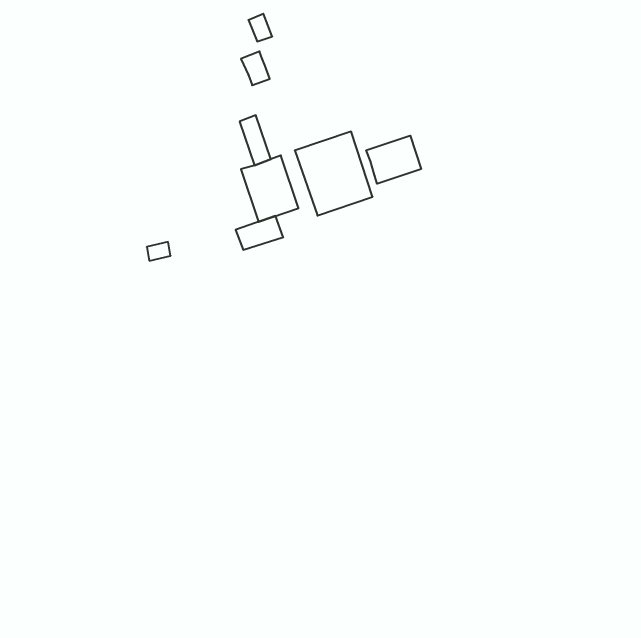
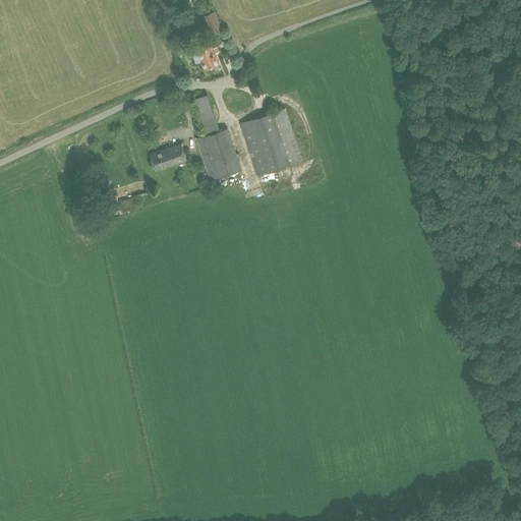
building: [366,136,421,184] -> none
building: [236,216,283,250] -> [149,144,187,172]

